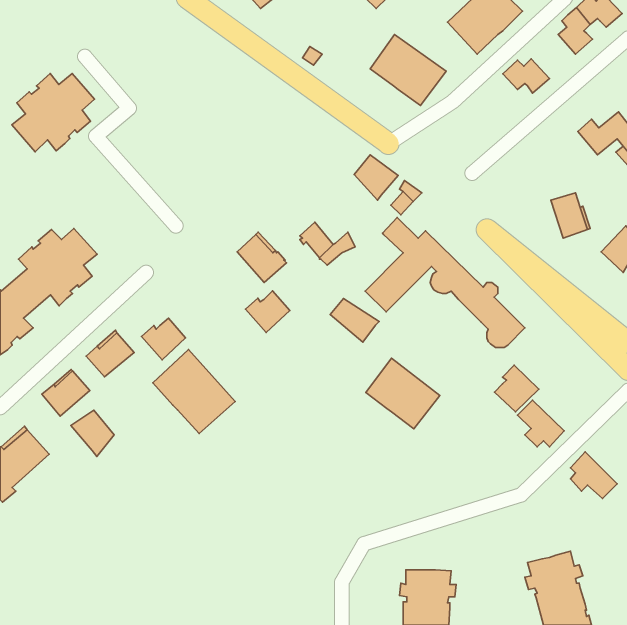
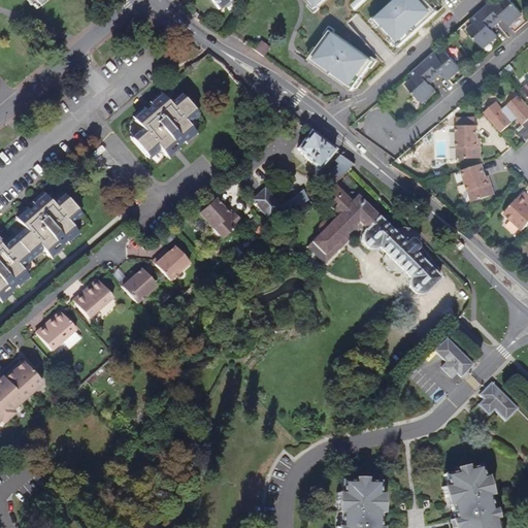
building: [12,73,94,152] -> [130,92,199,158]
building: none -> [408,62,436,100]
building: none -> [458,124,481,157]
building: [245,291,290,333] -> [153,244,190,279]
building: [330,298,379,342] -> none
building: [153,349,235,433] -> none
building: [366,358,440,429] -> none
building: [495,365,539,412] -> none
building: [71,410,114,457] -> none

